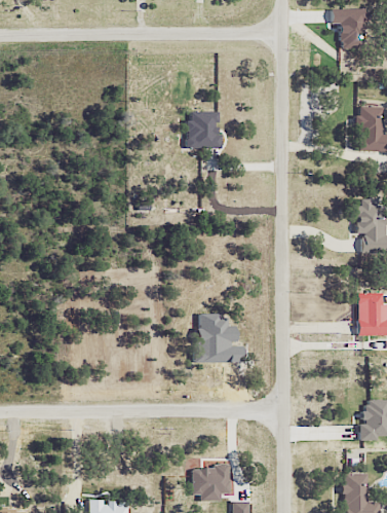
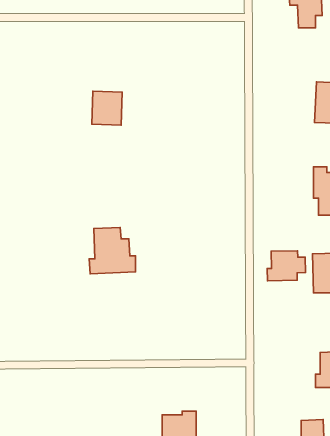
building: [187,111,220,148] -> [92,91,122,125]
building: none -> [267,251,305,281]
building: [193,313,243,363] -> [89,227,135,274]

